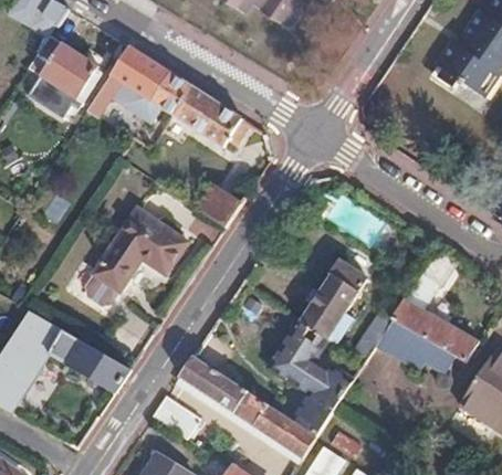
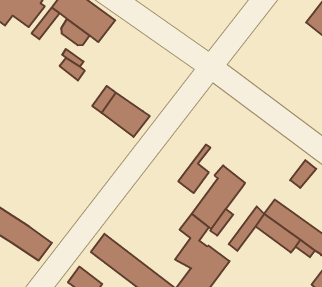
building: [170,85,240,146] -> none
building: [95,214,182,294] -> none
building: [264,318,302,380] -> [178,145,210,193]

